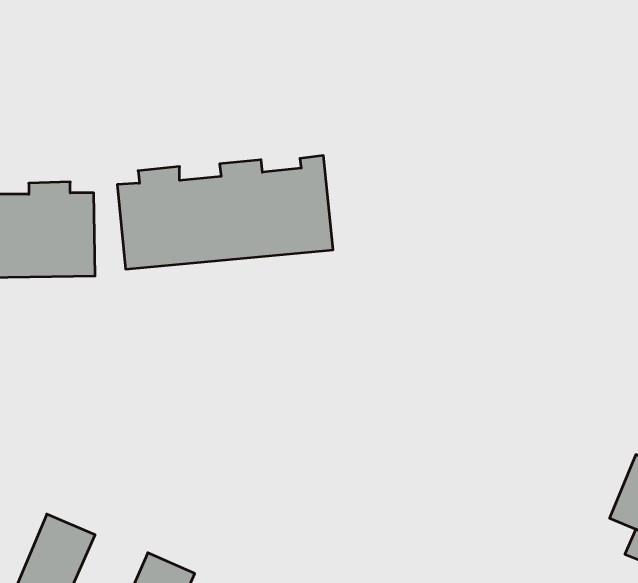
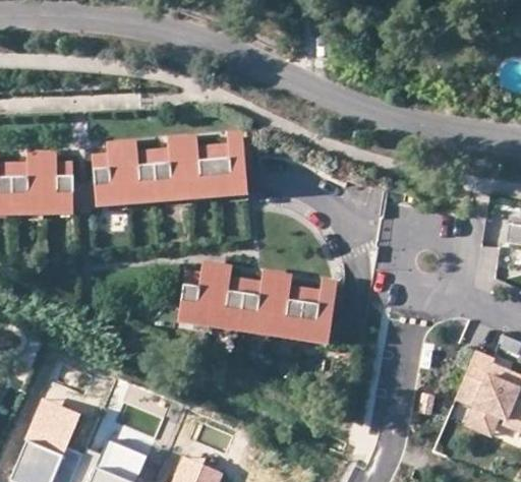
building: none -> [181,261,341,347]

